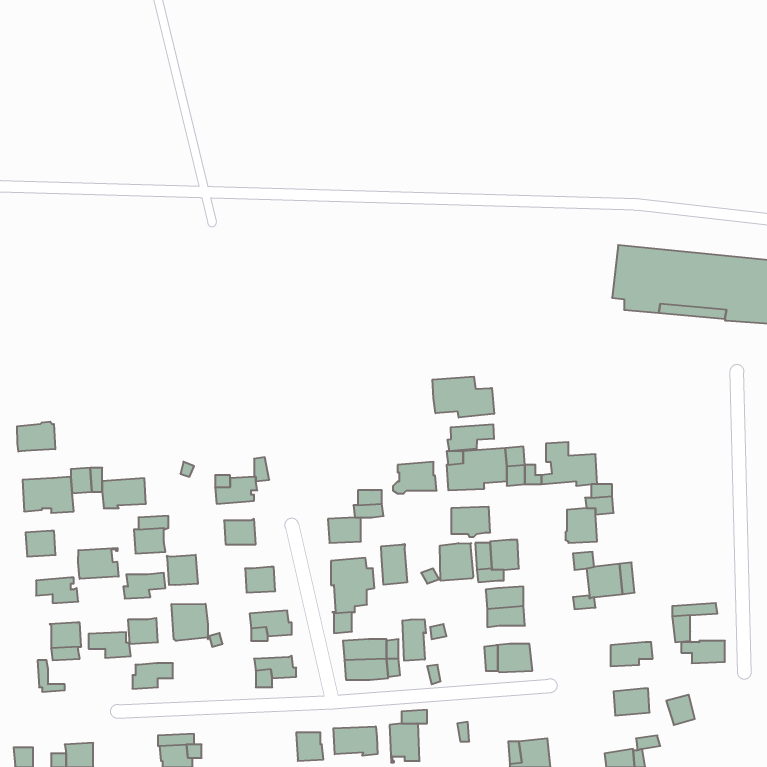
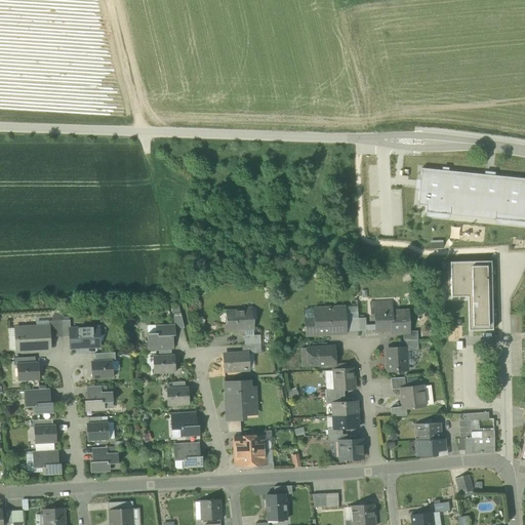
building: [432,377,494,418] -> none
building: none -> [451,259,493,329]
building: [17,422,55,452] -> none
building: [448,424,494,451] -> none
building: [393,462,437,494] -> [225,309,254,330]
building: [440,543,473,581] -> none
building: [381,544,407,585] -> none
building: [78,548,119,579] -> none
building: [167,555,198,585] -> none
building: [172,604,208,641] -> none
building: [403,619,426,661] -> none
building: [89,632,131,658] -> [34,455,63,473]
building: [614,688,650,715] -> [416,421,441,440]
building: [333,726,377,756] -> none

